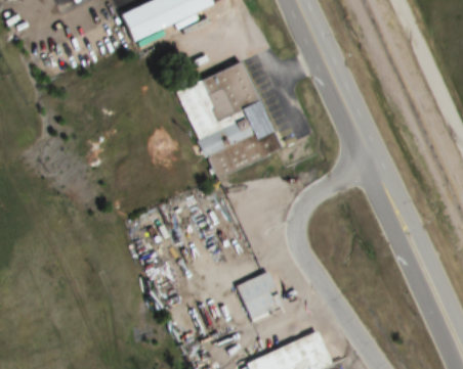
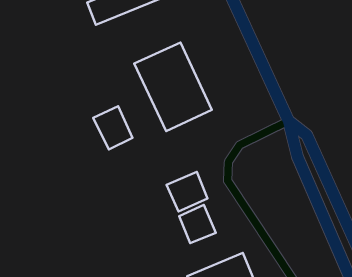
building: none -> [93,106,132,149]
building: none -> [166,172,208,212]

